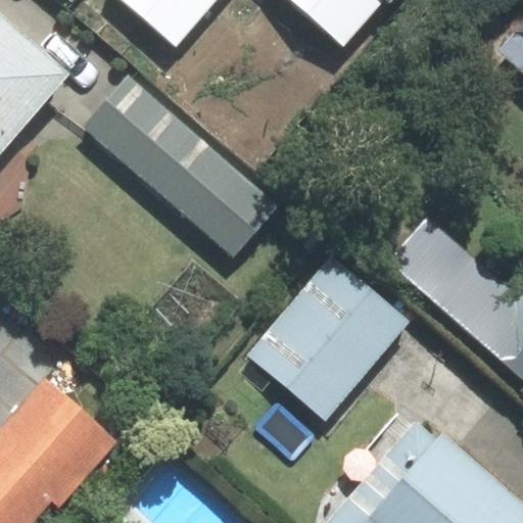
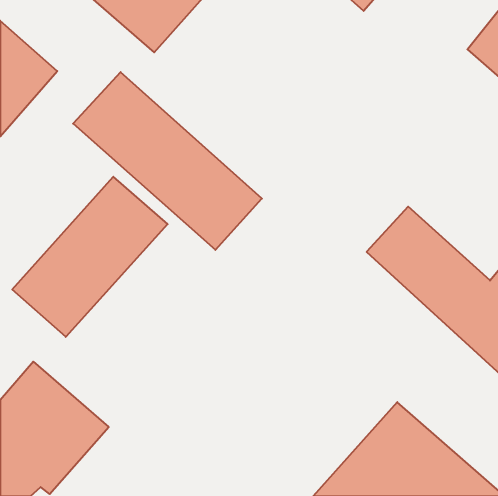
building: none -> [12,177,168,337]
building: [245,253,413,424] -> none

